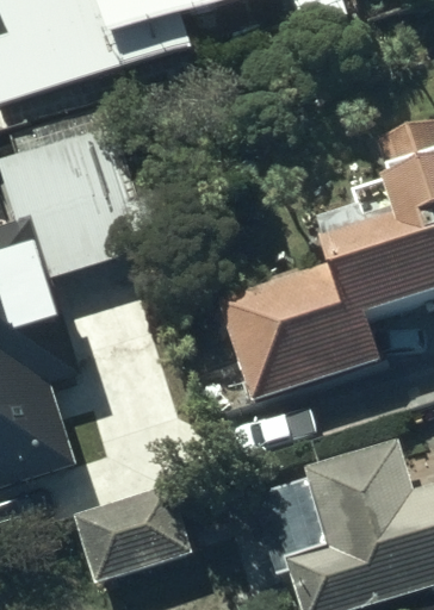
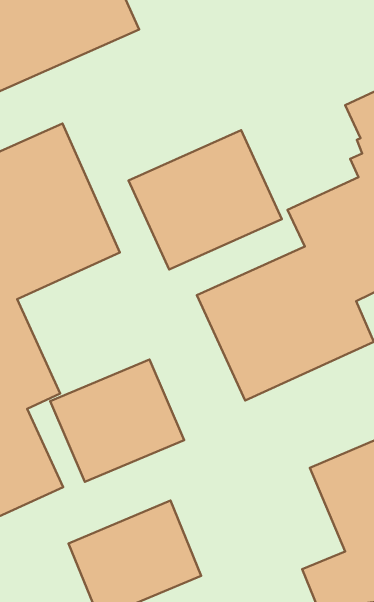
building: none -> [128,130,282,270]
building: none -> [50,360,184,482]

